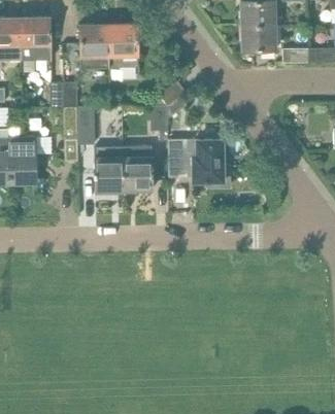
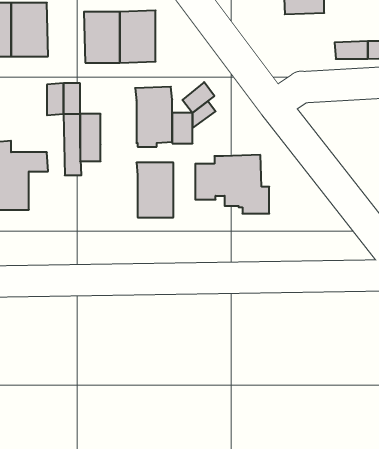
building: [241,26,274,50] -> none
building: [93,146,123,195] -> [135,87,172,147]

